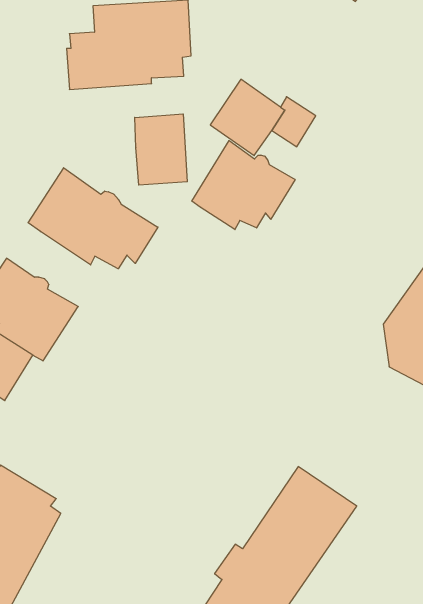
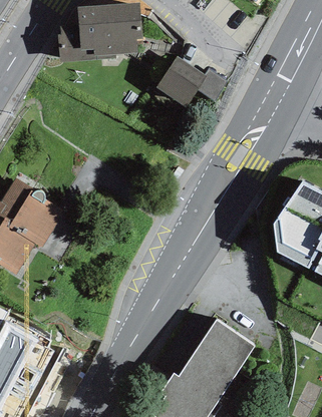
building: [135,114,187,185] -> none
building: [192,141,295,230] -> none
building: [28,168,158,269] -> none

